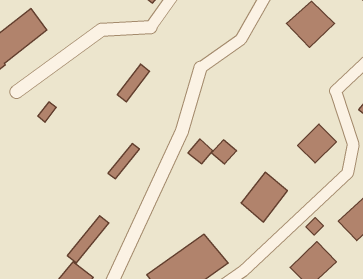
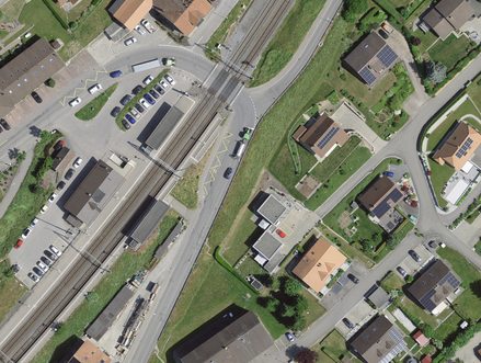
building: none -> [301,115,348,156]
building: none -> [65,165,117,222]
building: [188,139,213,164] -> [252,230,282,260]

